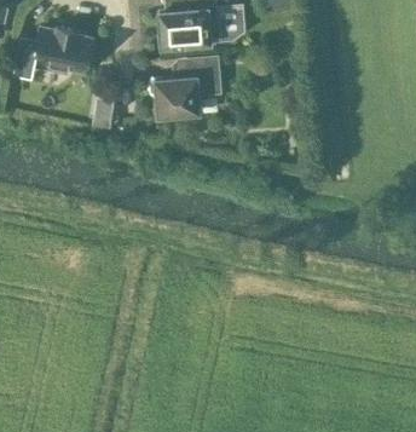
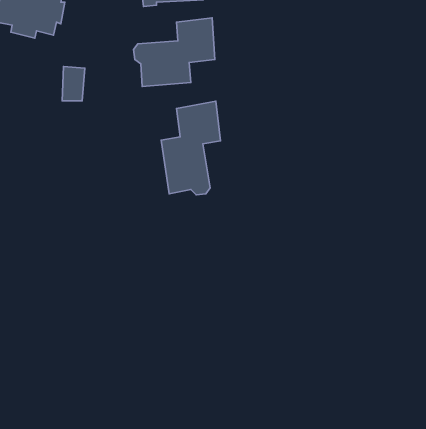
building: none -> [161,101,221,195]

